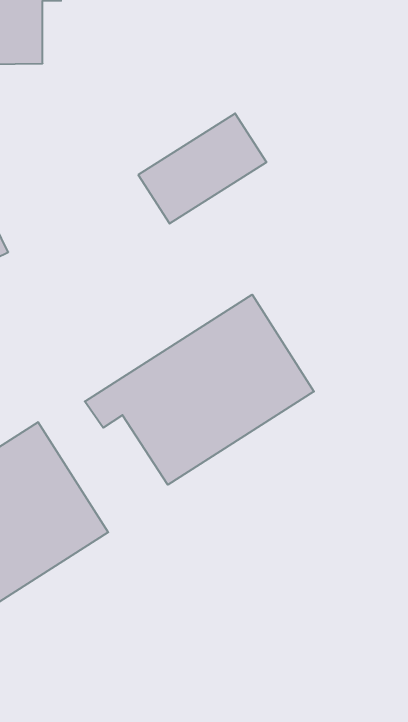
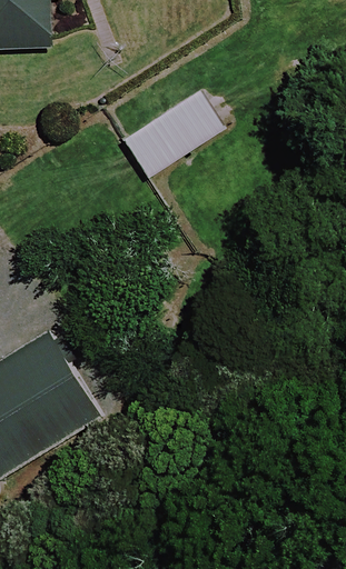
building: [85,295,314,485] -> none

